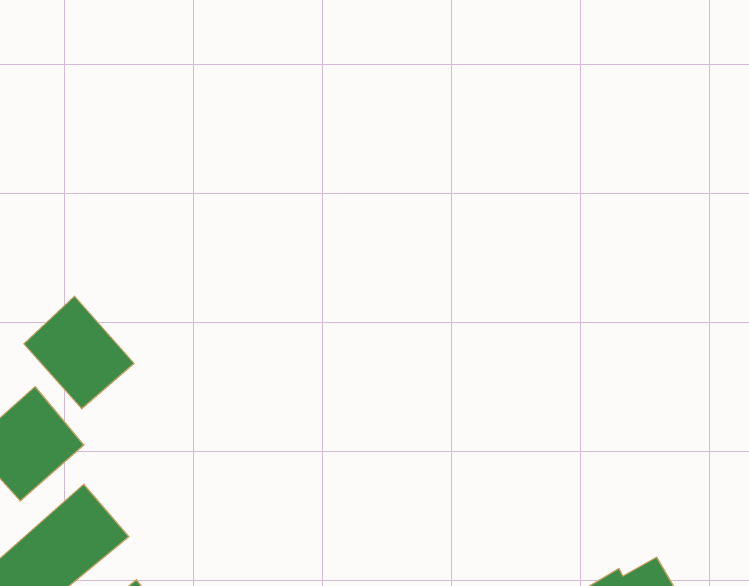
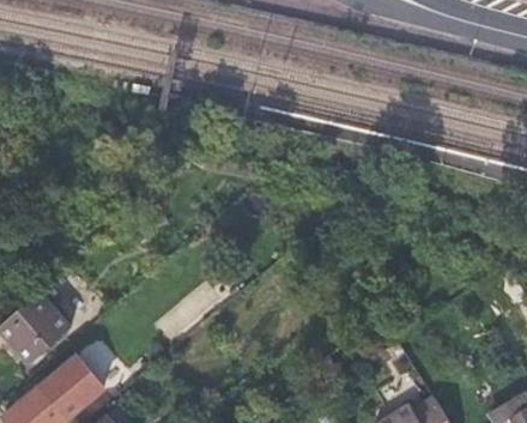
building: [24,296,134,409] -> none

